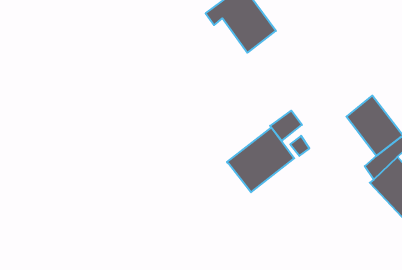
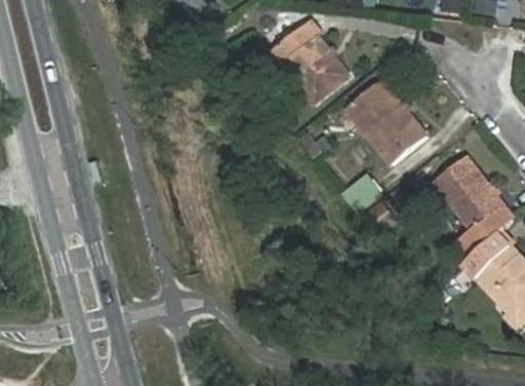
building: none -> [346,79,428,163]
building: [227,127,294,192] -> none

